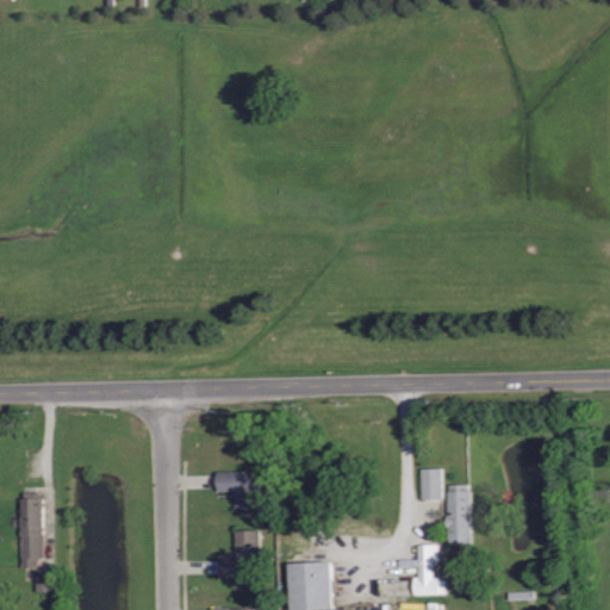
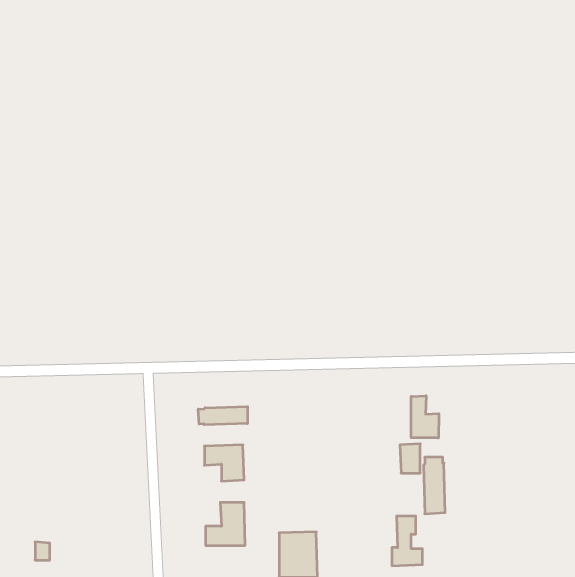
building: none -> [411,396,439,438]
building: none -> [198,407,248,425]
building: [19,491,43,566] -> none

